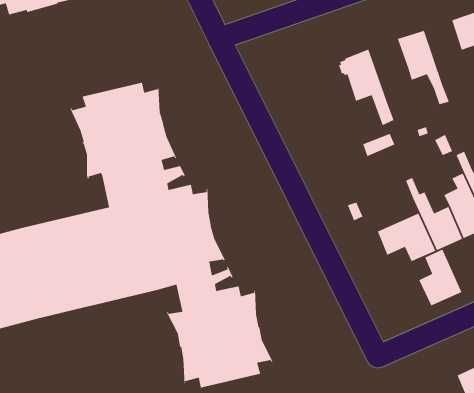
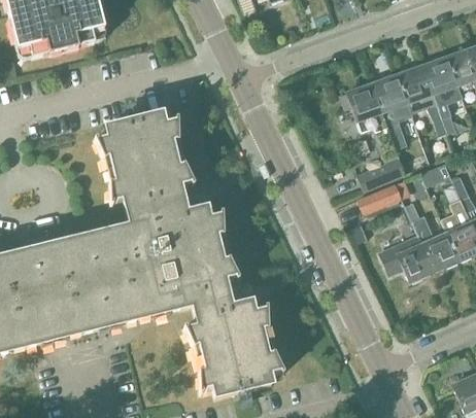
building: none -> [423,56,463,132]
building: none -> [372,73,408,143]
building: none -> [356,182,402,213]
building: [418,248,462,307] -> none

